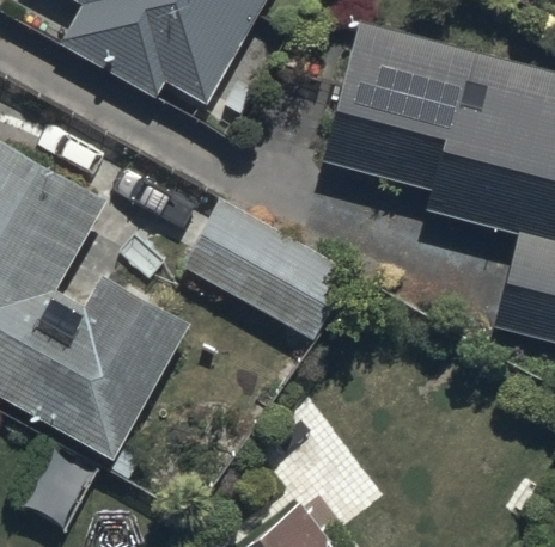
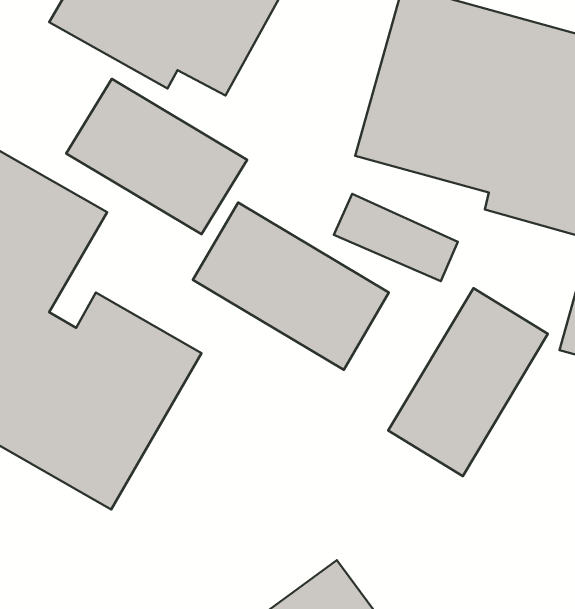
building: none -> [66,79,247,234]
building: none -> [388,288,548,476]

